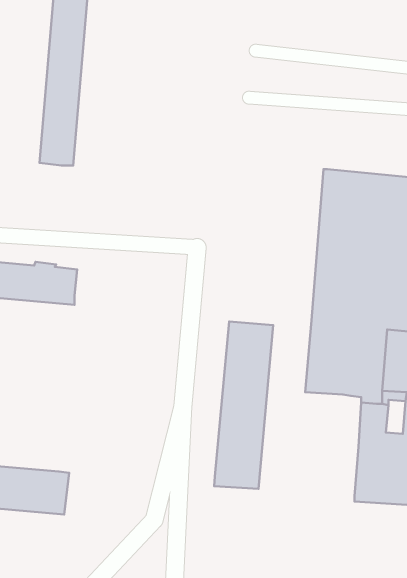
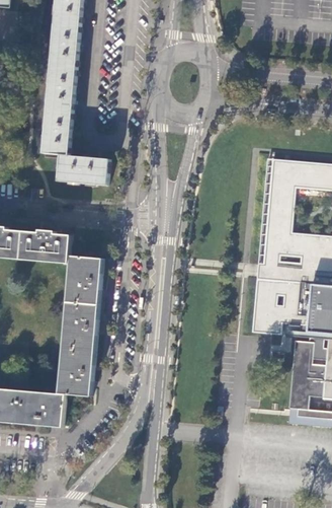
building: none -> [57,154,108,185]
building: none -> [57,256,102,395]
building: [214,321,273,489] -> none

